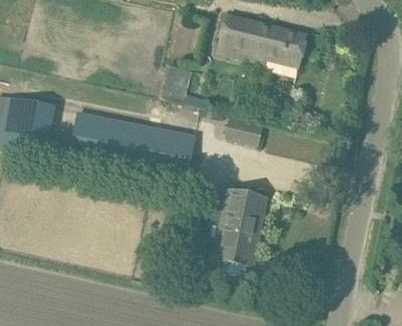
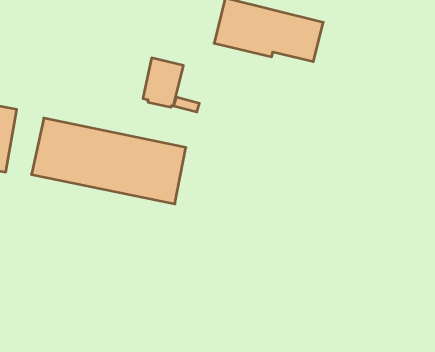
building: [222,113,261,144] -> none
building: [214,190,264,273] -> none

